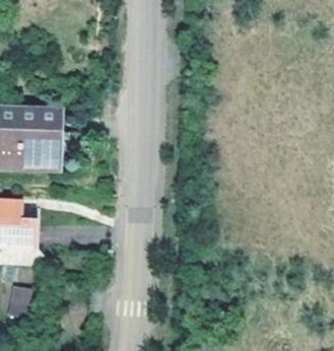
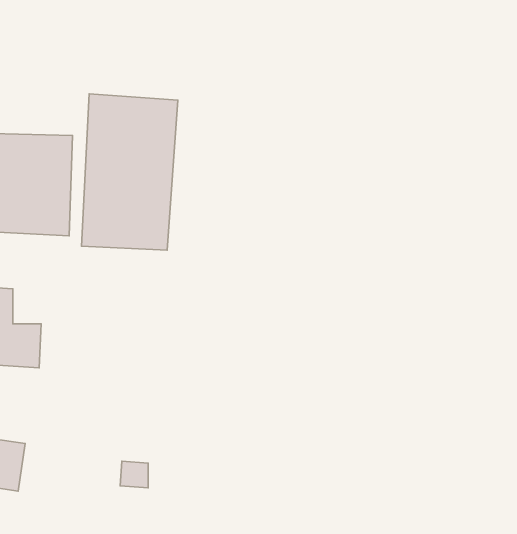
building: none -> [82,94,178,250]

